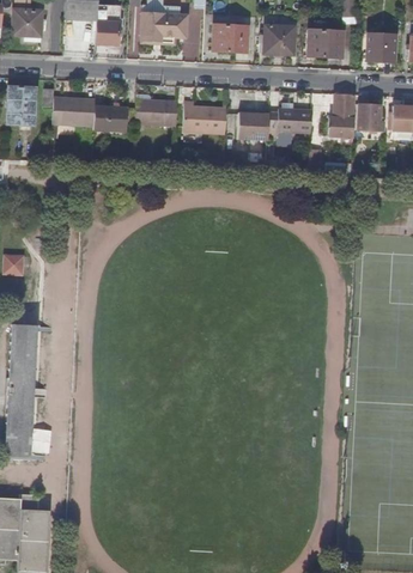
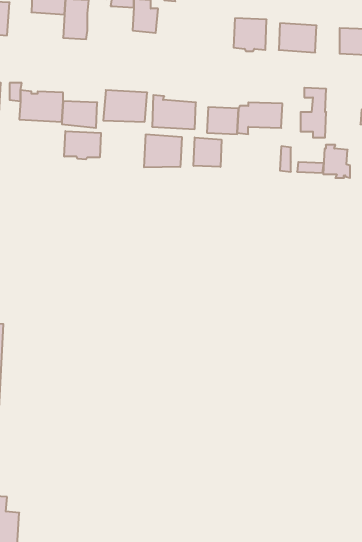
building: [141,13,165,37] -> none
building: [213,24,249,53] -> none
building: [357,100,383,133] -> [323,145,350,178]
building: none -> [64,131,101,159]
building: none -> [144,134,182,167]
building: none -> [194,137,221,167]

